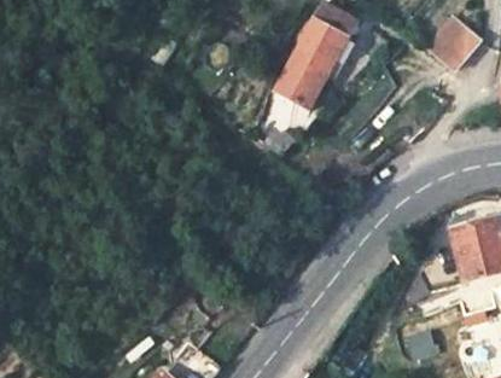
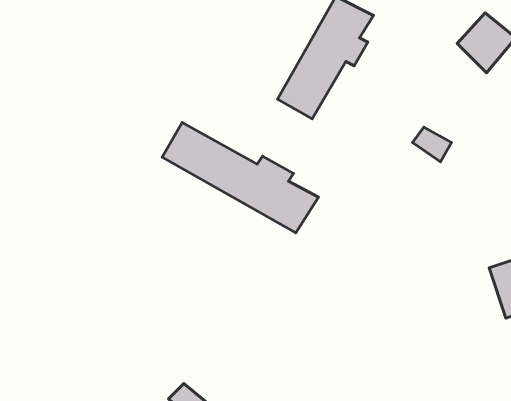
building: none -> [162,123,319,233]

